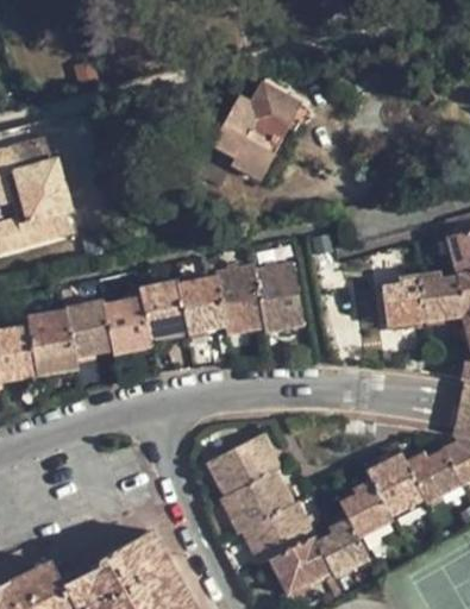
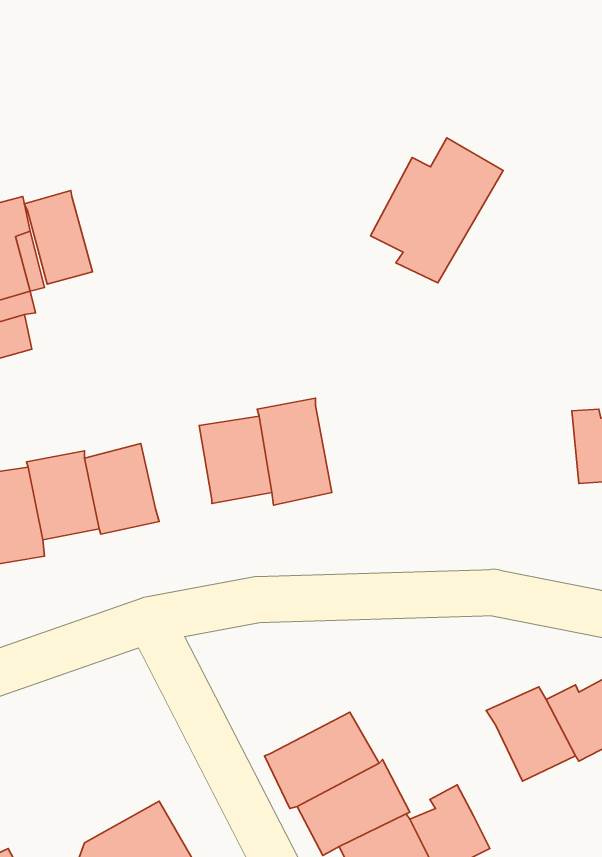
building: [213,81,300,176] -> [370,138,503,283]
building: none -> [24,191,92,284]
building: [253,264,302,332] -> none
building: [382,274,426,326] -> none
building: [137,281,186,338] -> none
building: [206,434,281,498] -> none
building: [338,479,393,539] -> none

